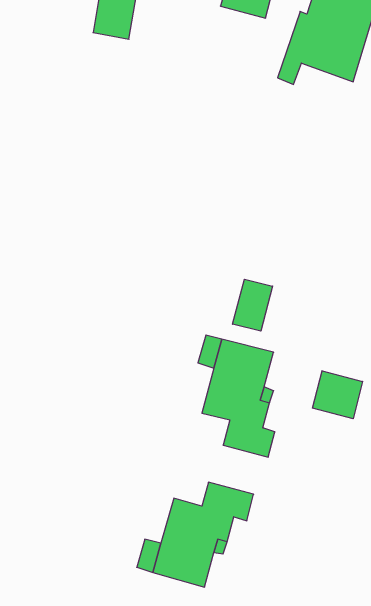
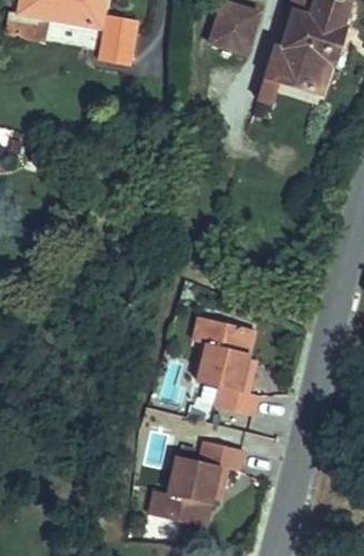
building: [233,279,273,331] -> none
building: [313,371,363,419] -> none

